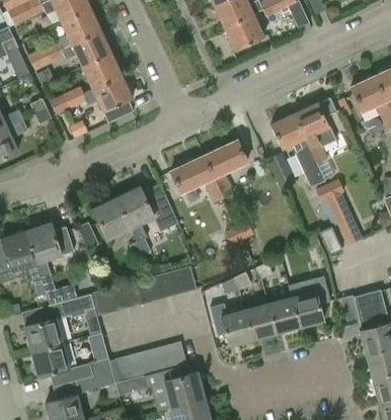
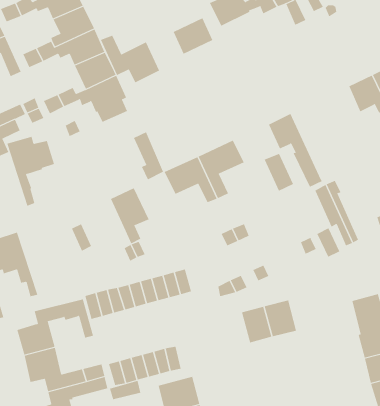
building: [225,14,264,51] -> [173,17,213,55]
building: none -> [100,35,160,83]
building: [294,99,335,179] -> none
building: [147,183,177,231] -> [133,132,164,180]
building: [92,197,131,240] -> none
building: [25,223,73,291] -> [6,136,55,206]
building: [290,276,330,327] -> none
building: [211,304,253,346] -> none

